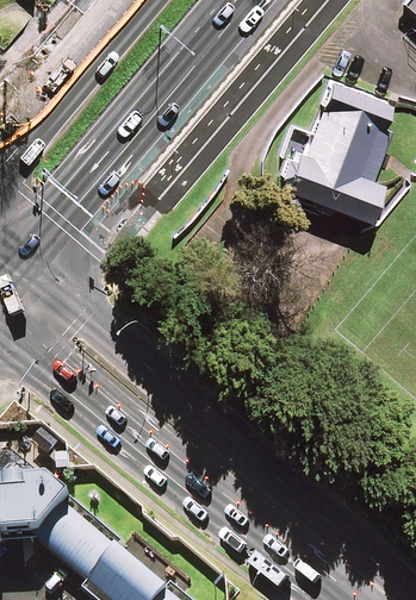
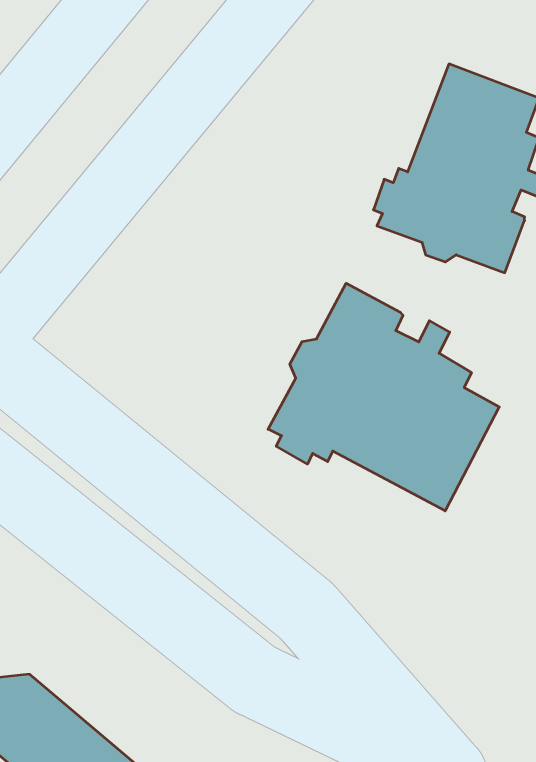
building: none -> [268,283,499,511]

